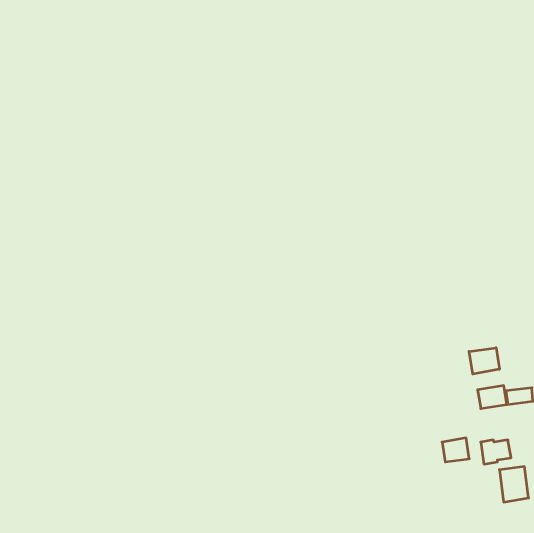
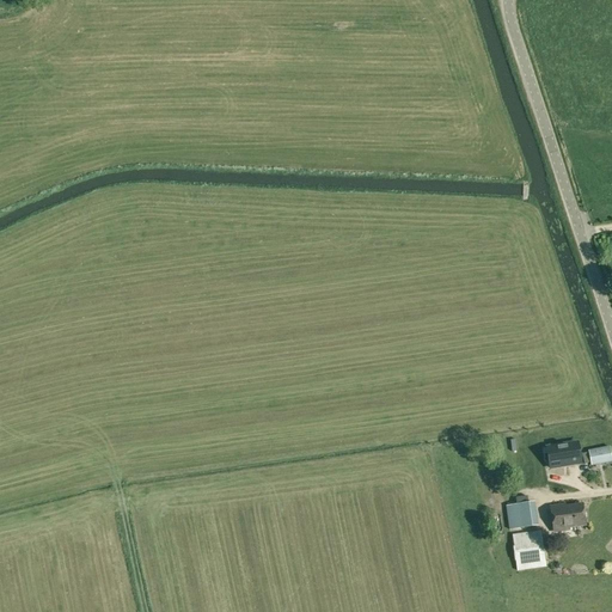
building: [469,348,499,374] -> none
building: [499,467,529,502] -> [512,530,545,570]

